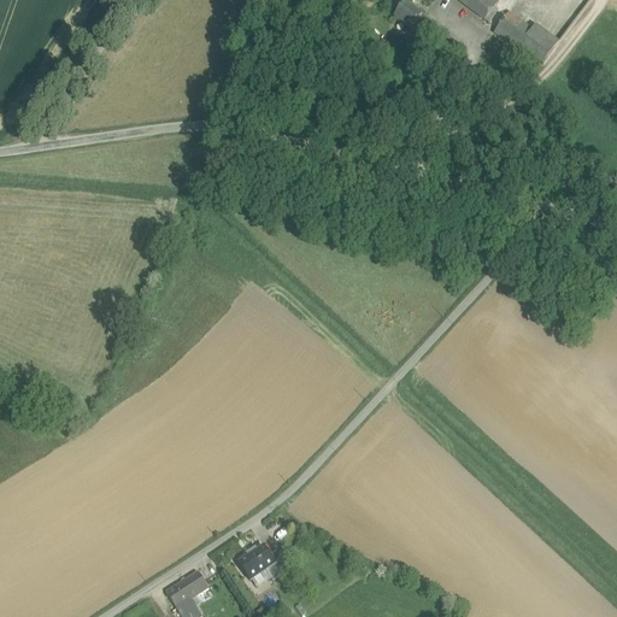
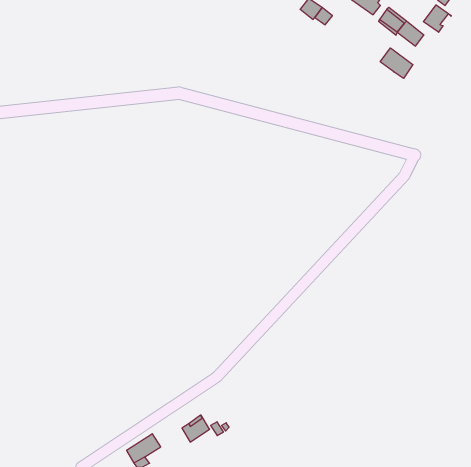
building: none -> [423,5,451,32]
building: none -> [380,48,413,78]

